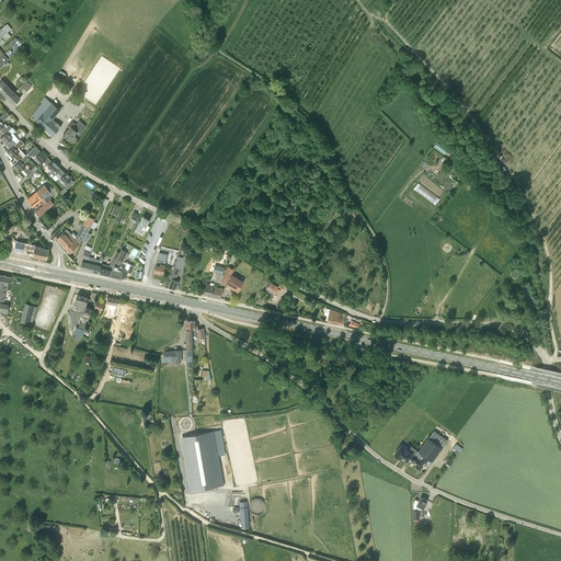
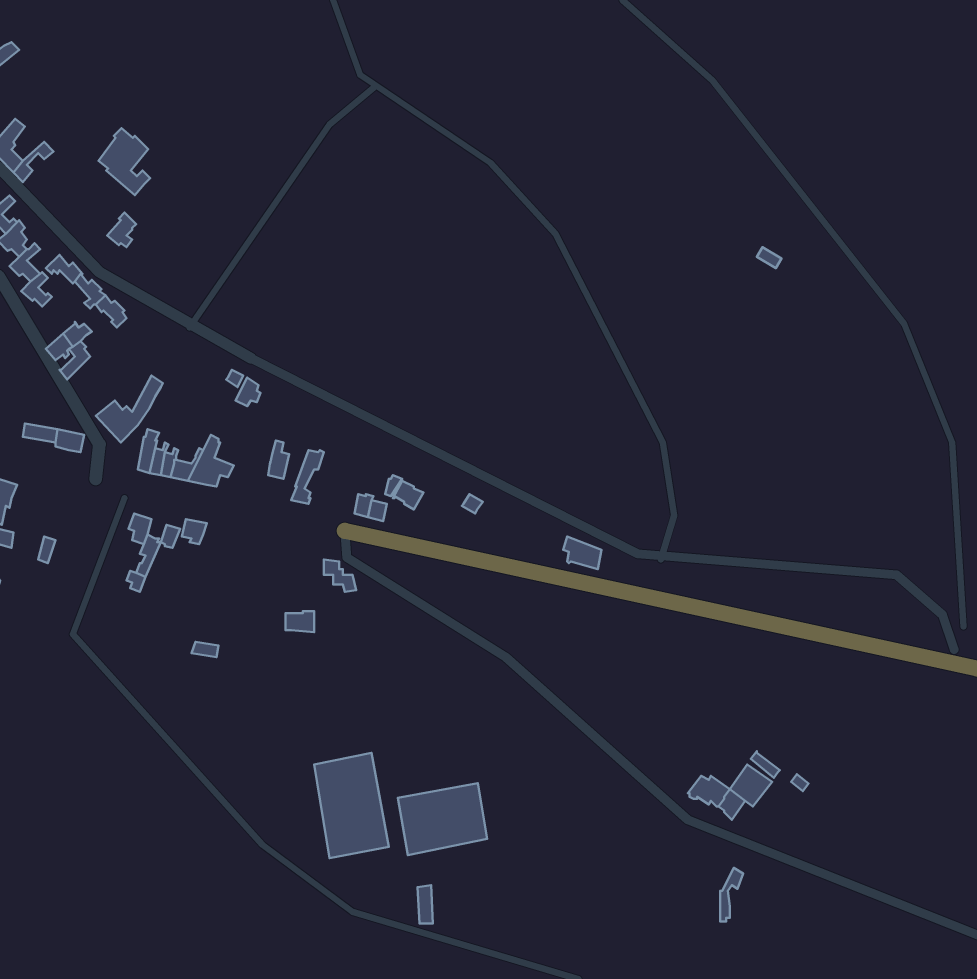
building: [31,98,60,136] -> [98,128,150,195]
building: none -> [398,783,487,855]

